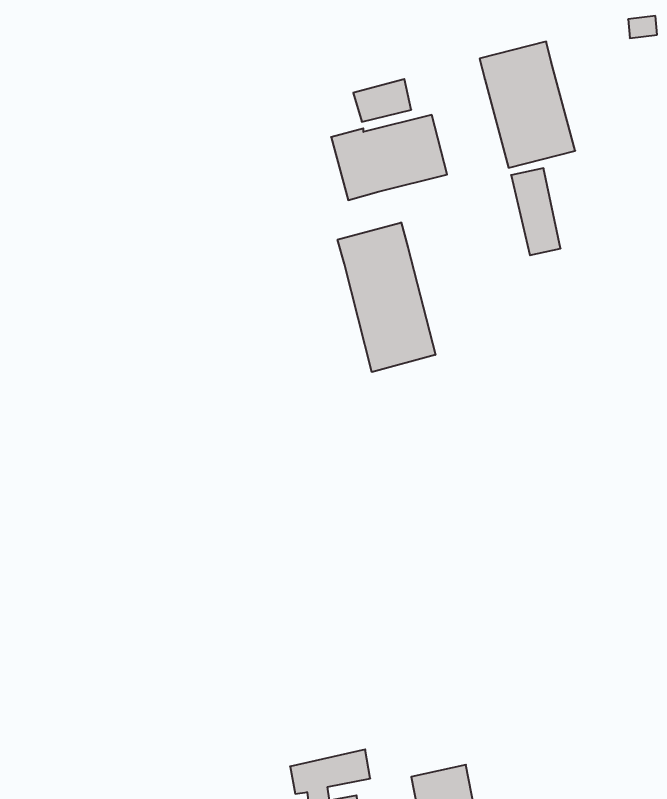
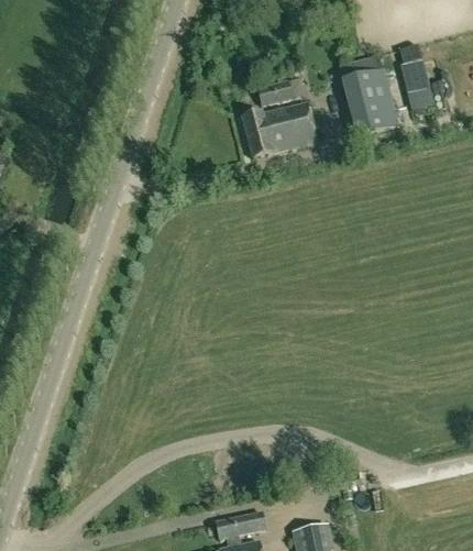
building: [511,168,561,255] -> [403,59,435,115]
building: [338,222,435,372] -> none

